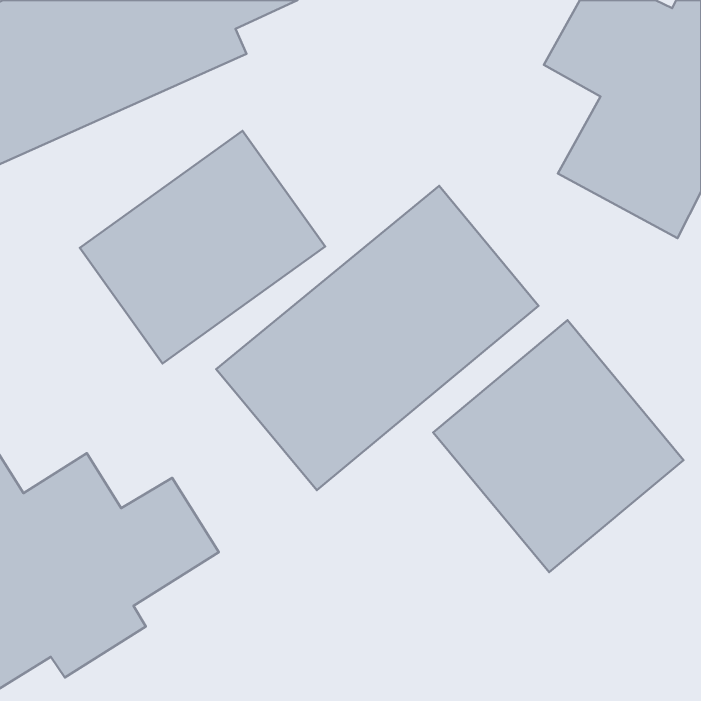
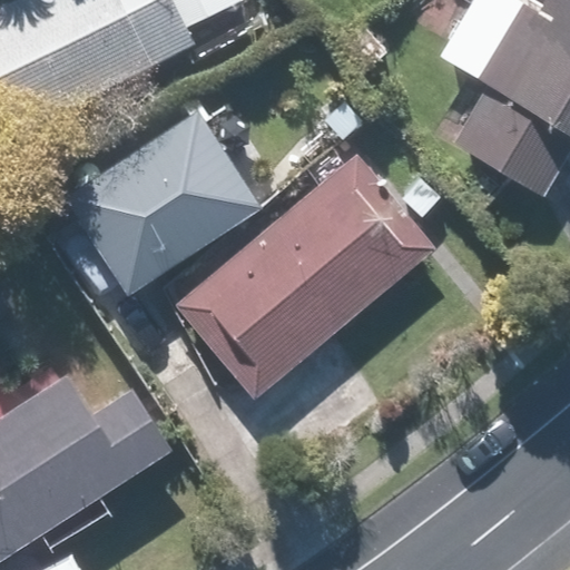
building: [433,320,683,572] -> none

